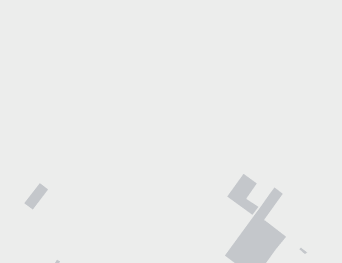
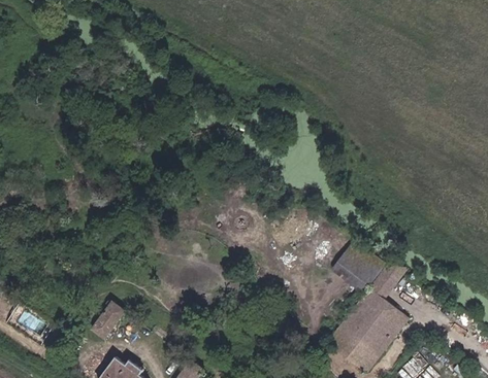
building: [23,182,49,210] -> [94,302,127,338]
building: none -> [355,253,384,283]

